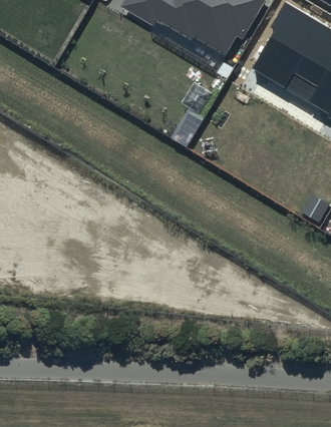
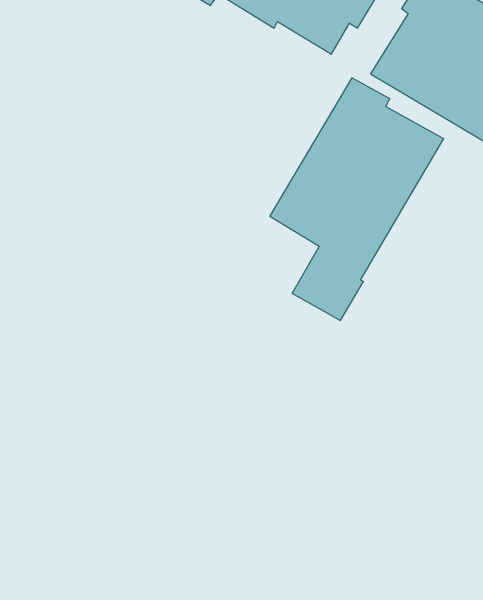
building: none -> [270,78,443,321]

